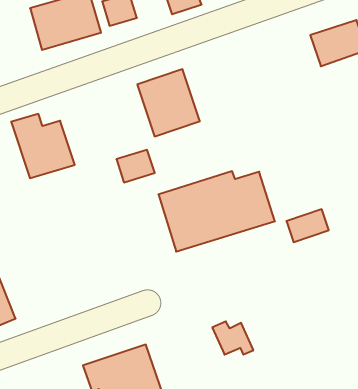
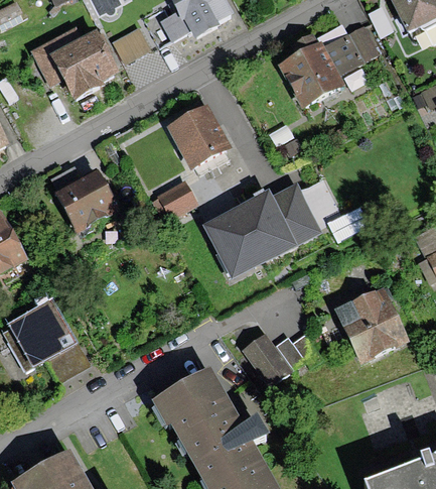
building: none -> [279,38,343,104]
building: none -> [332,284,406,363]
building: none -> [242,334,290,386]

